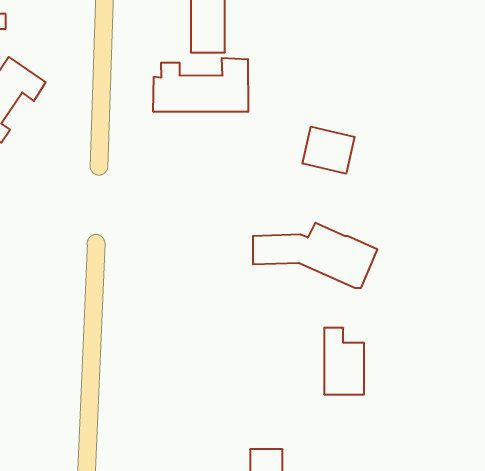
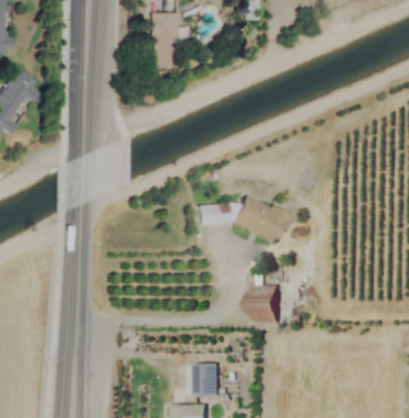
building: [153,58,248,112] -> none
building: [302,127,355,174] -> none

